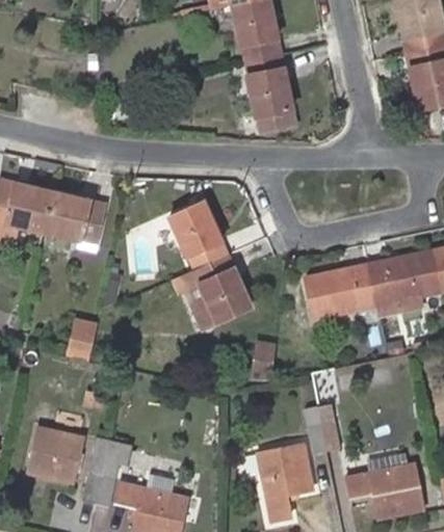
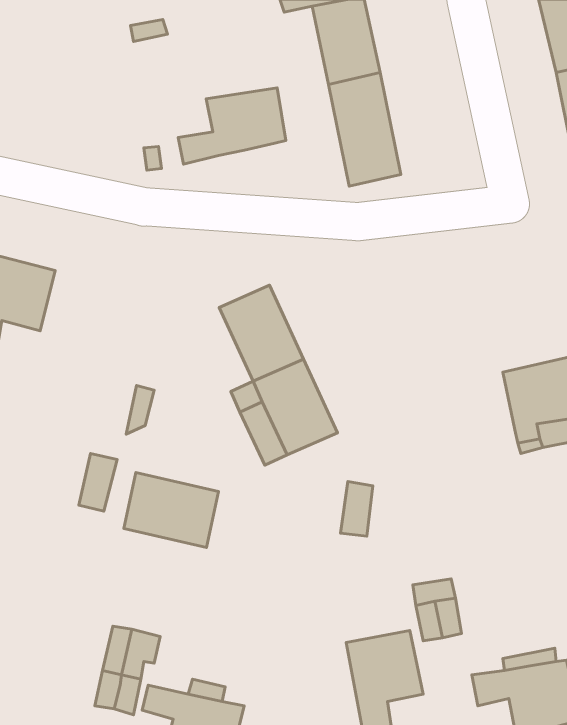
building: none -> [178,88,286,164]
building: [43,191,104,247] -> none
building: [307,263,376,317] -> none
building: none -> [124,473,218,547]
building: [25,427,81,483] -> none

